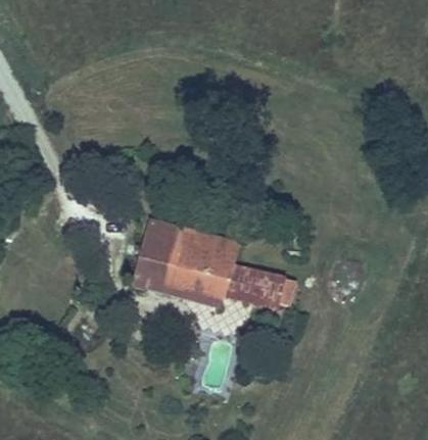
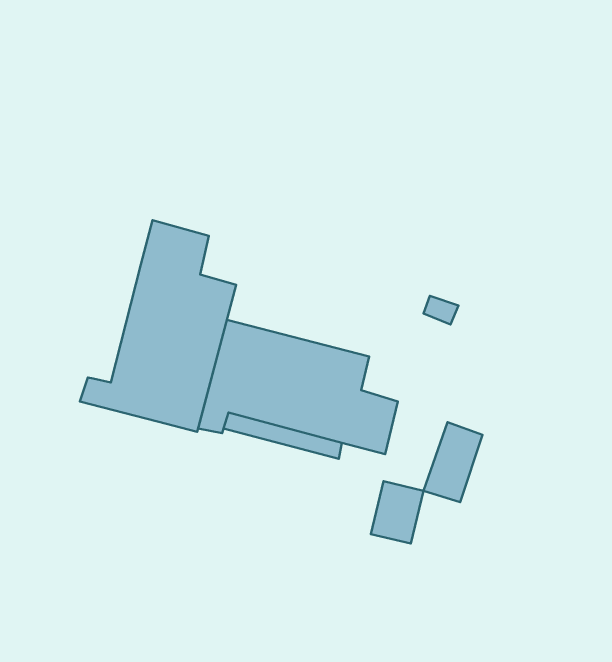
building: none -> [80,220,236,432]
building: [250,270,284,309] -> [371,481,423,544]

